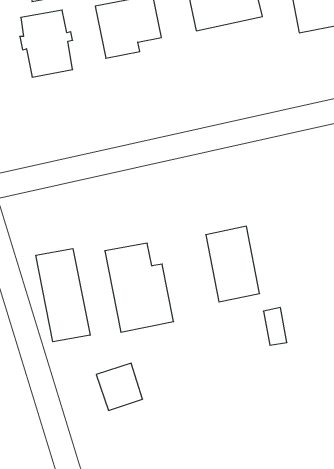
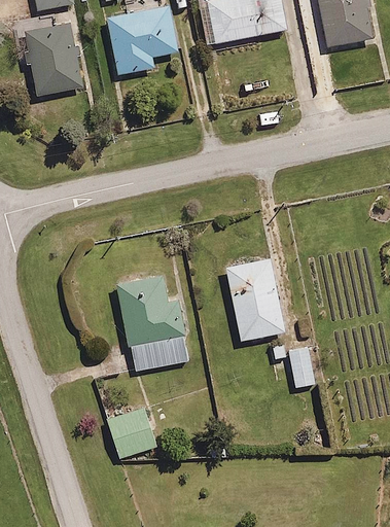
building: [36,249,90,342] -> none

